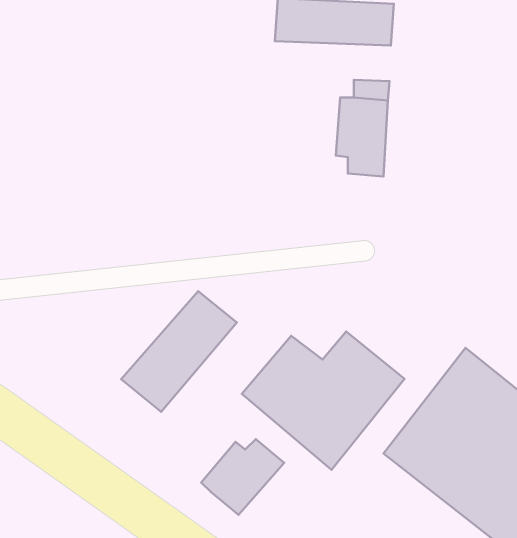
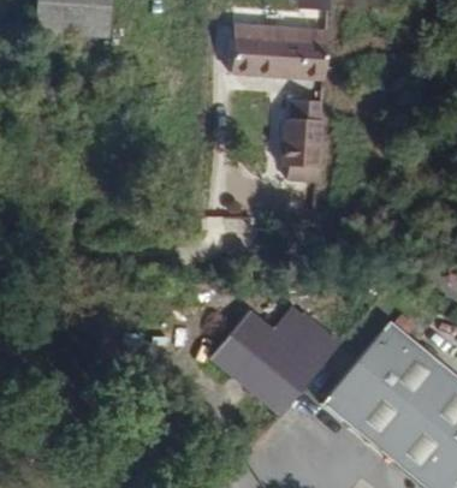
building: [121,291,237,412] -> none
building: [201,439,284,515] -> none

